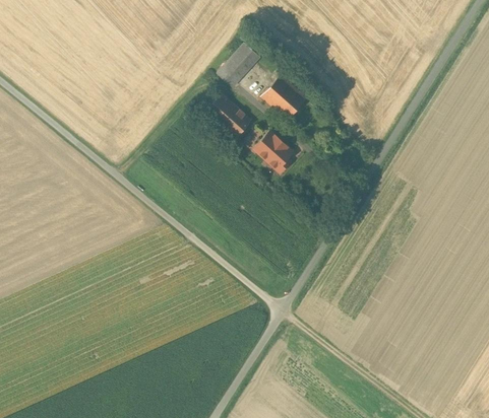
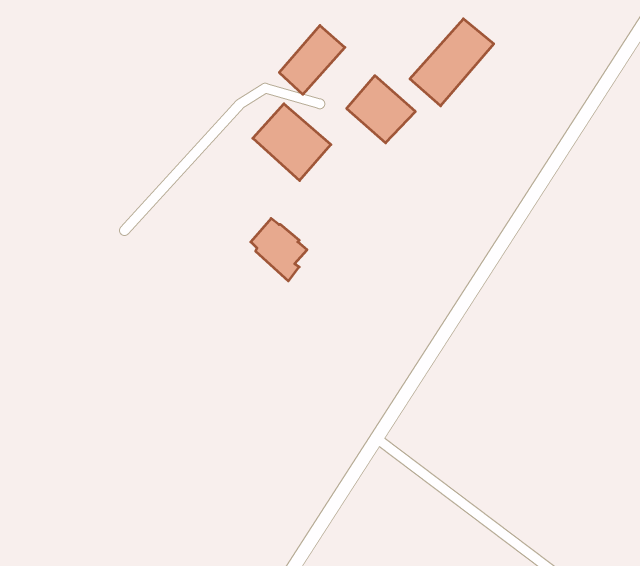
building: none -> [410,19,494,106]
building: [256,132,293,172] -> [251,218,307,281]

